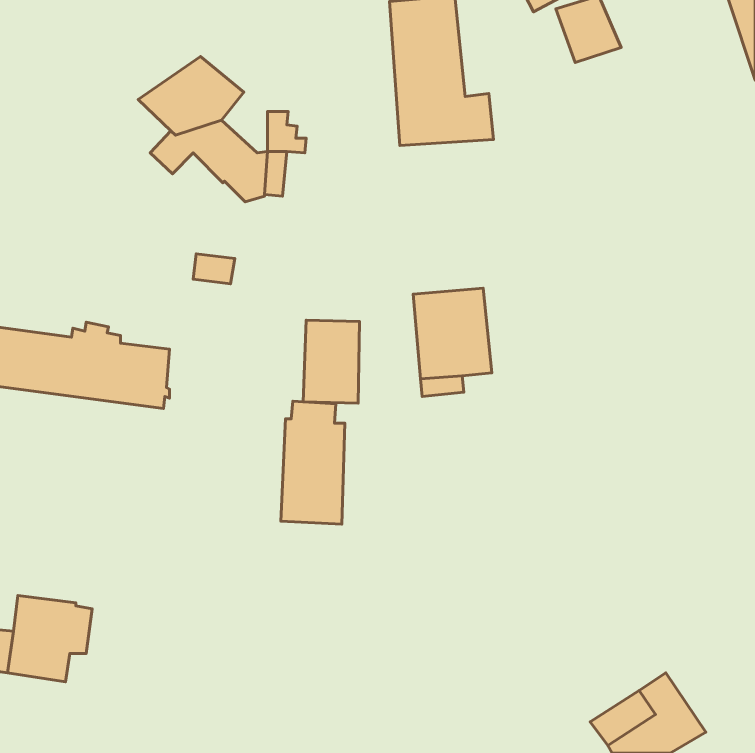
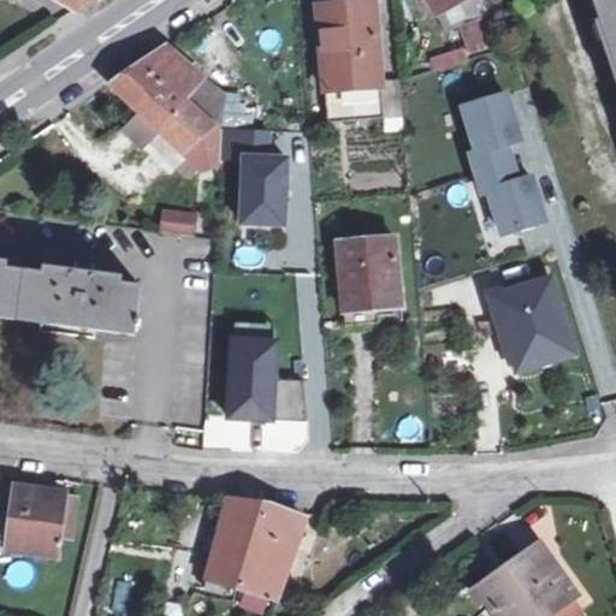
building: none -> [179,75,217,124]
building: none -> [462,93,549,238]
building: [303,320,360,403] -> [243,158,289,225]
building: none -> [496,276,571,367]
building: none -> [201,496,300,593]

